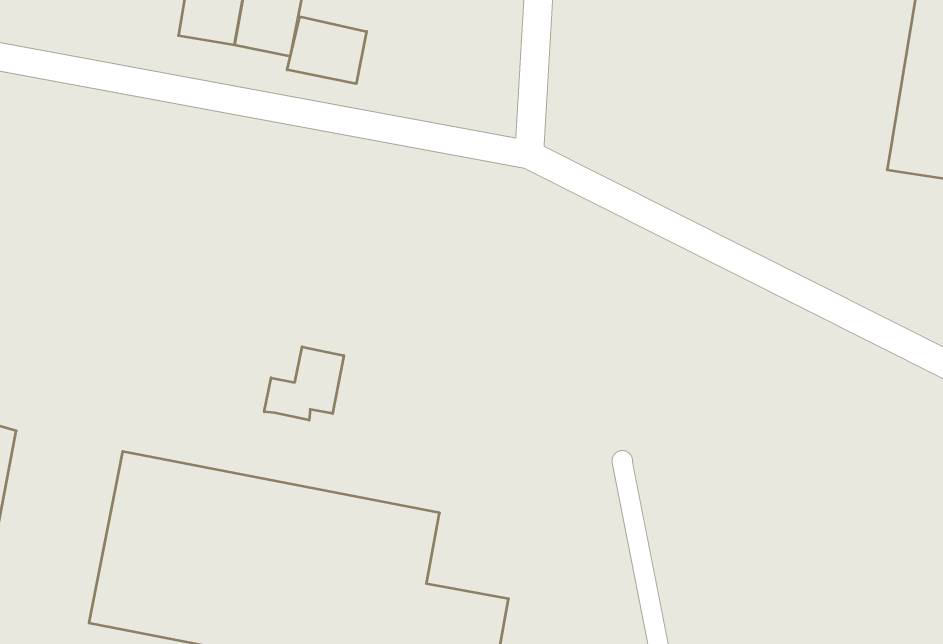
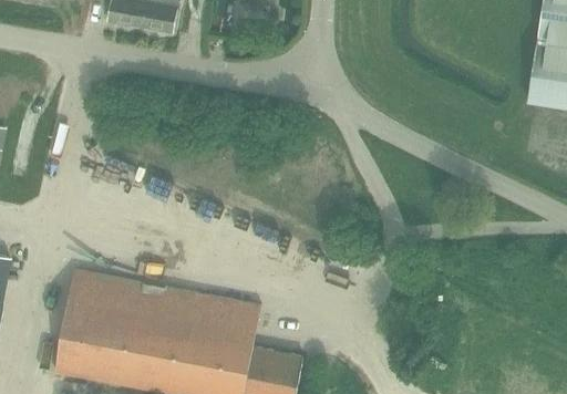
building: [287,17,367,84] -> none
building: [264,347,344,420] -> none

